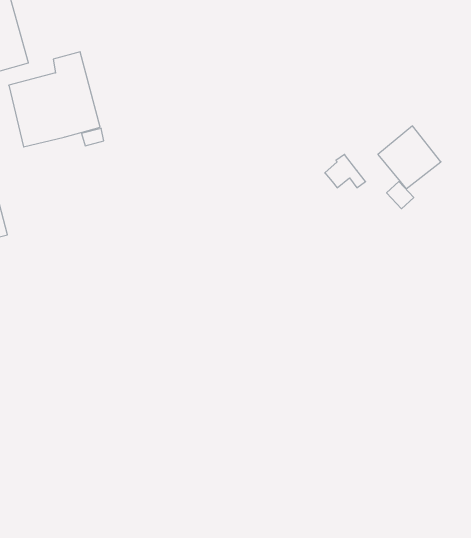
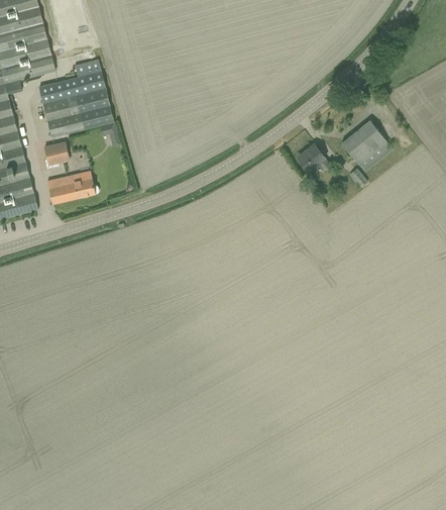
building: none -> [43,141,68,166]
building: none -> [45,171,98,204]

